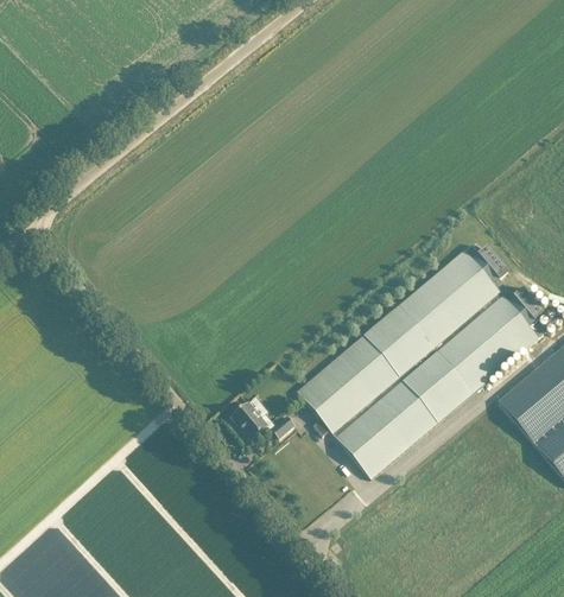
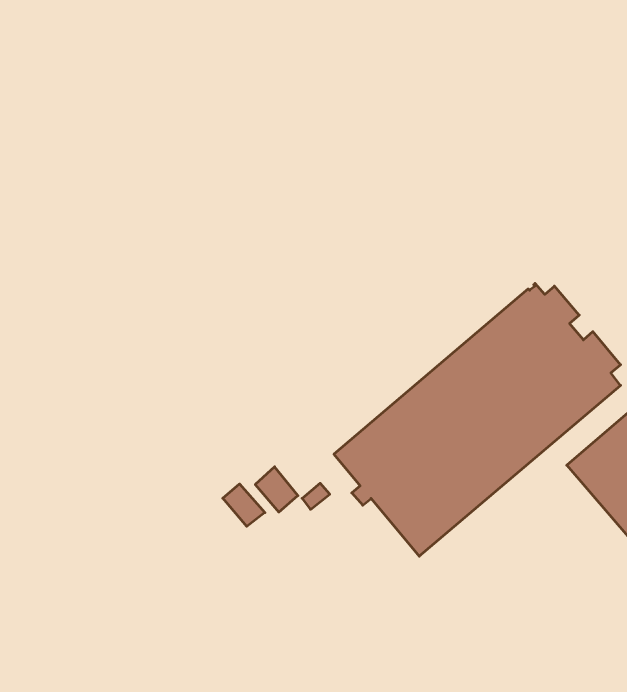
building: none -> [223,484,265,526]

